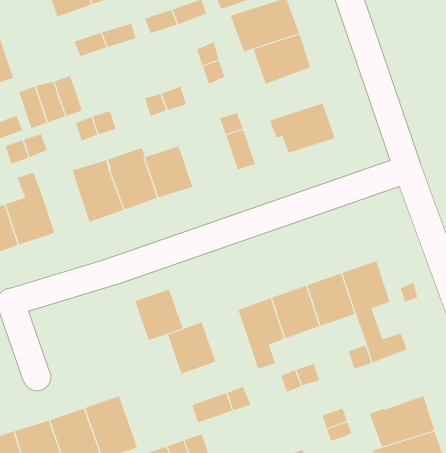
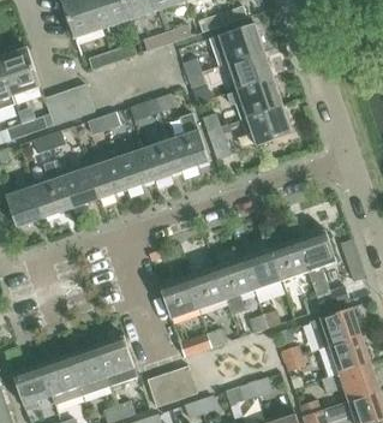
building: none -> [227,78,282,119]
building: none -> [169,113,208,172]
building: none -> [61,167,98,208]
building: [134,289,183,341] -> [187,268,226,309]
building: none -> [309,308,361,350]

